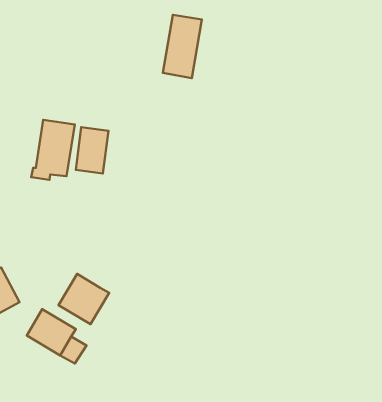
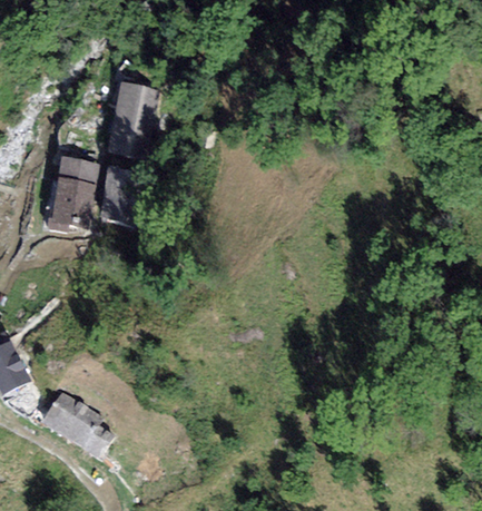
building: [163,15,202,78] -> [108,80,156,158]
building: [59,274,109,324] -> none

